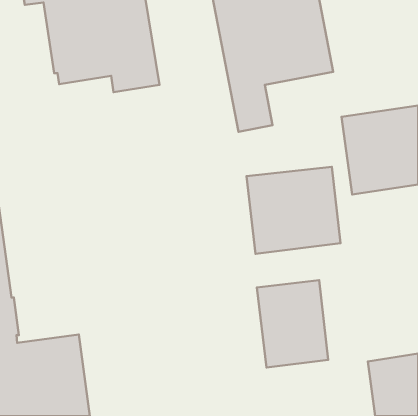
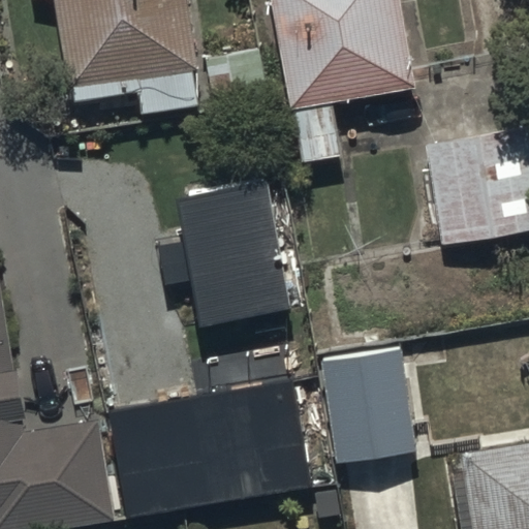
building: none -> [176,170,289,334]
building: [246,167,341,254] -> none
building: none -> [111,360,310,516]

